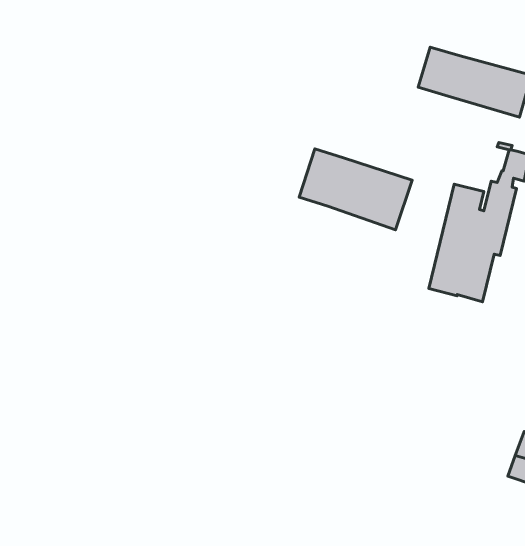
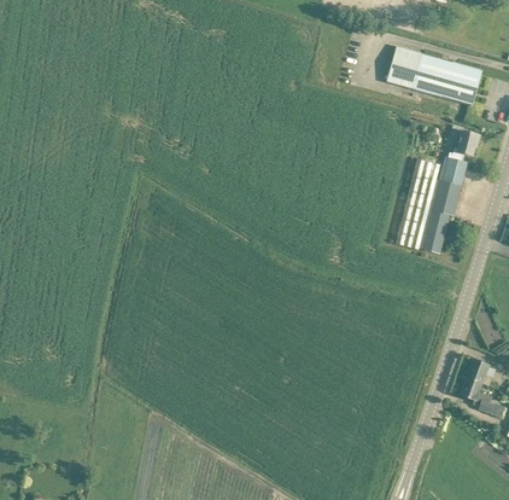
building: [299,149,412,230] -> none

